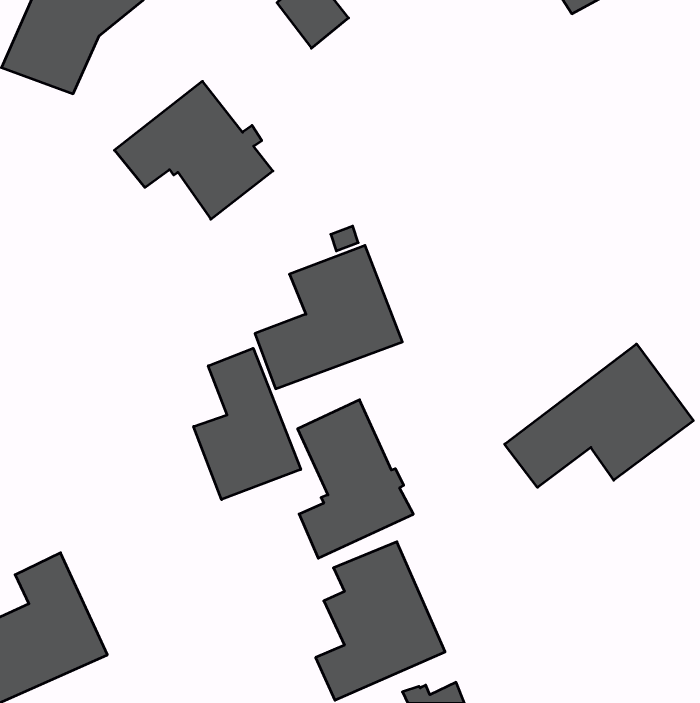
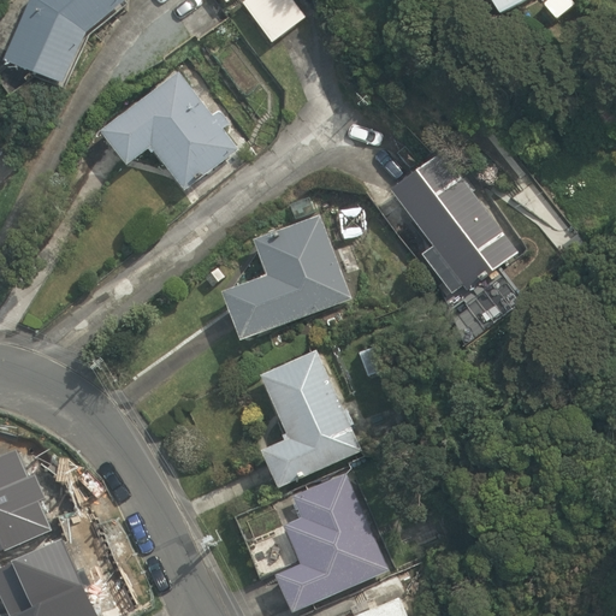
building: none -> [391,152,516,292]
building: [505,344,693,487] -> none
building: [194,348,301,500] -> none

